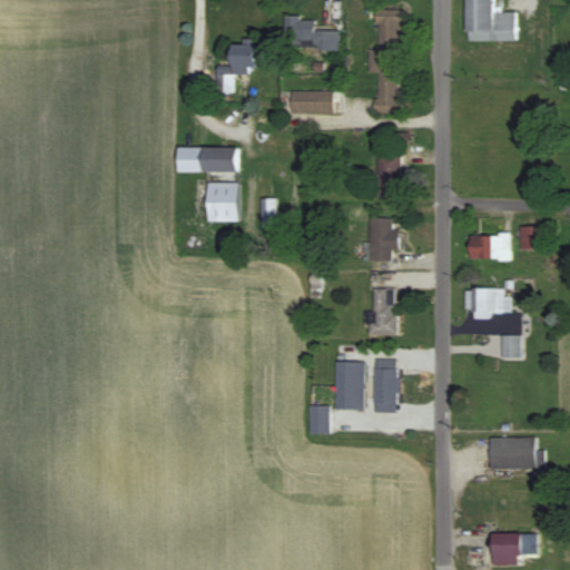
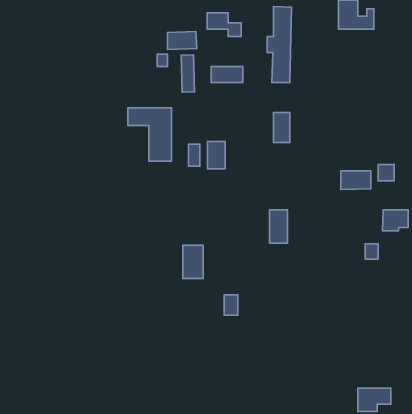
building: none -> [181,55,195,92]
building: none -> [207,141,225,169]
building: [367,218,399,262] -> none
building: [469,288,504,317] -> [382,210,408,231]
building: [373,358,396,412] -> none
building: [334,362,362,407] -> [183,245,203,278]
building: [490,438,543,468] -> none

